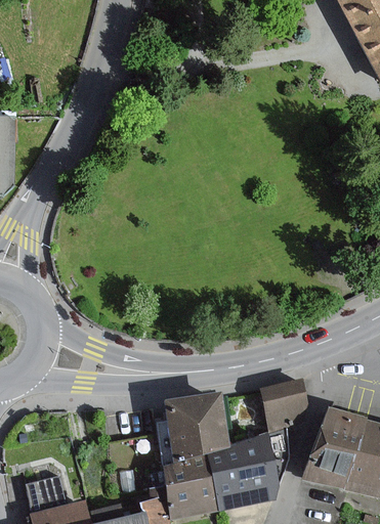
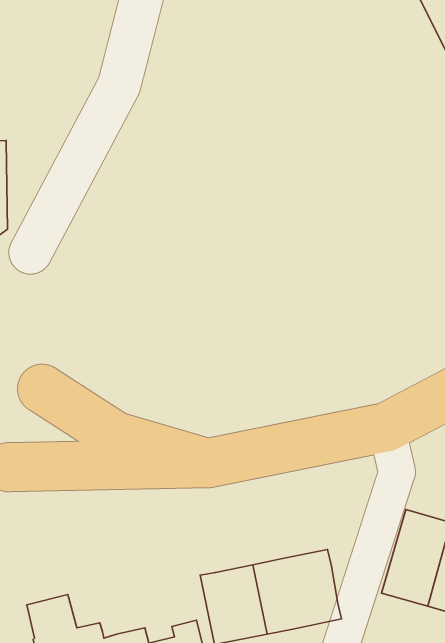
building: [262,380,304,429] -> none
building: [165,392,230,461] -> none

